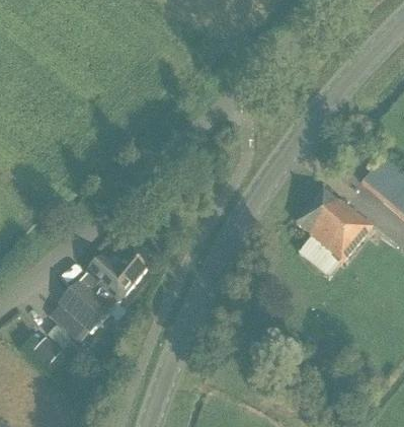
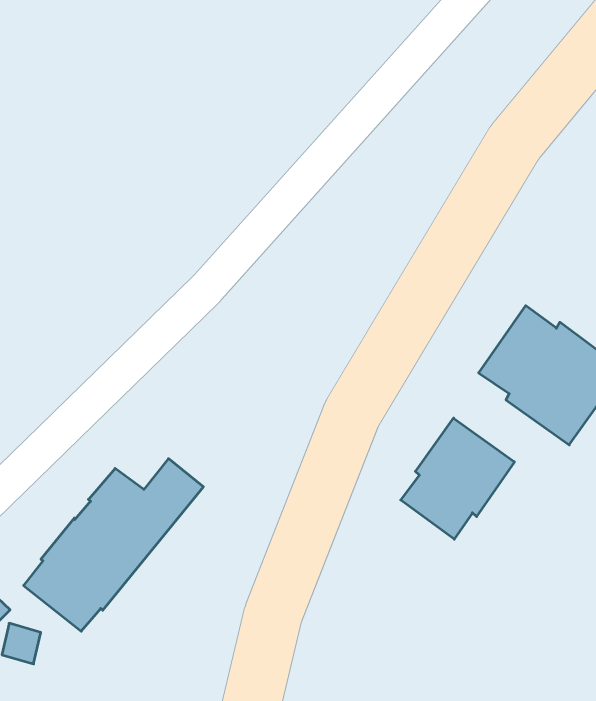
building: none -> [401,418,514,539]

